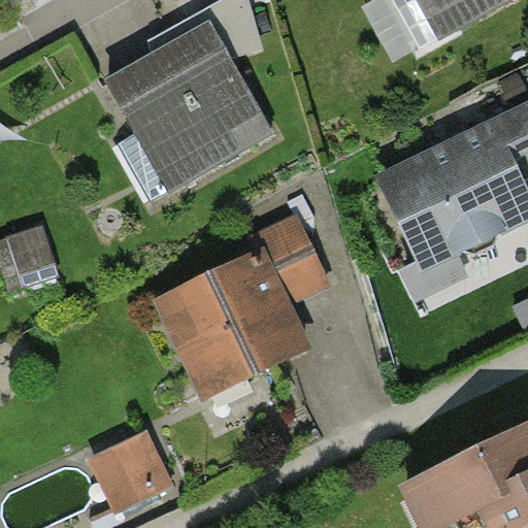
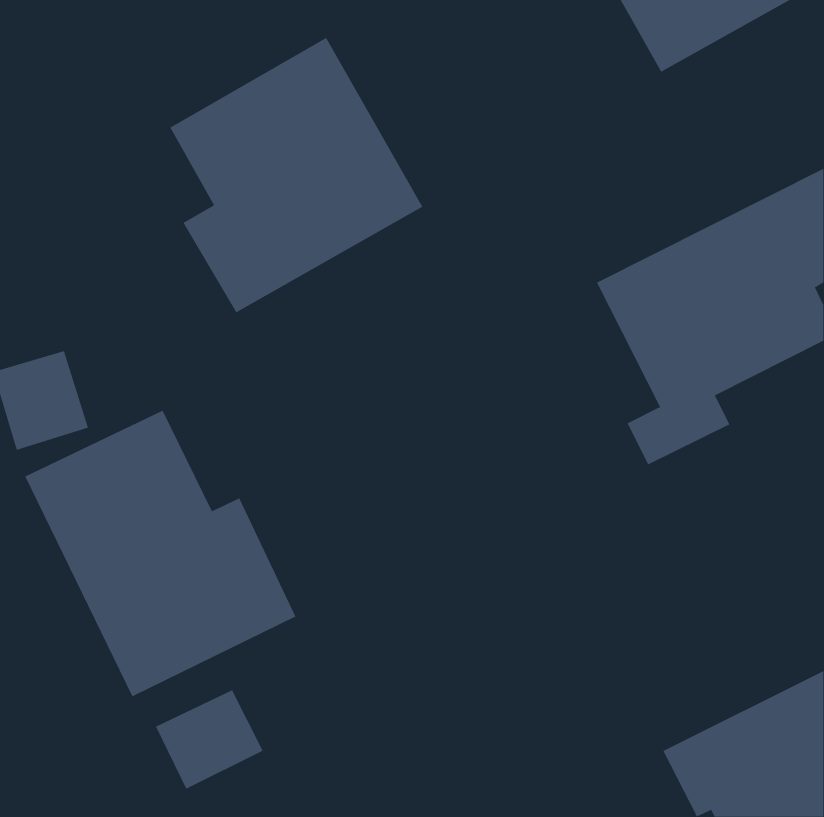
building: [164,216,323,390] -> none
building: none -> [25,410,296,697]

